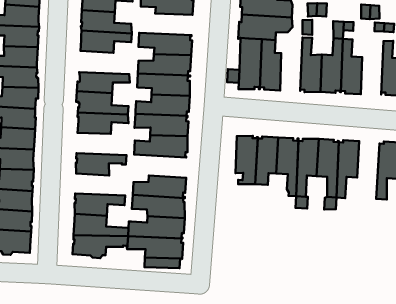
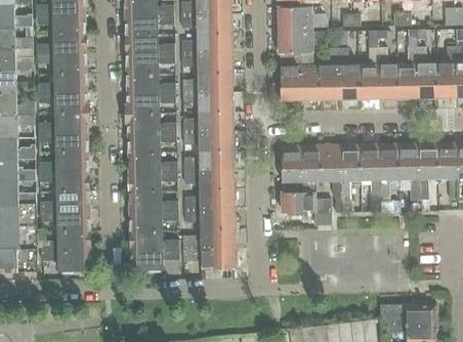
building: none -> [182,33,234,53]
building: none -> [320,48,340,100]
building: none -> [397,47,418,99]
building: none -> [127,74,175,94]
building: none -> [129,152,177,172]
building: none -> [399,143,419,200]
building: none -> [184,170,236,189]
building: none -> [130,191,178,211]
building: none -> [281,191,332,226]

